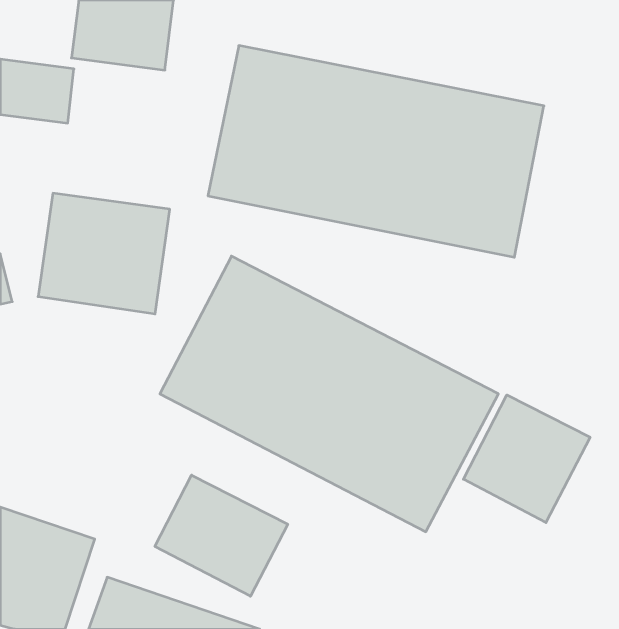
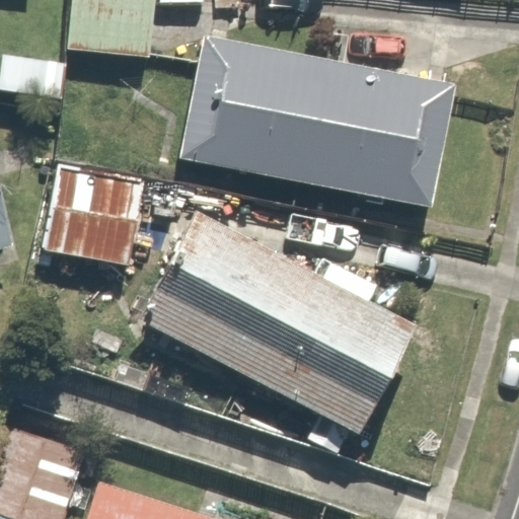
building: [463,395,590,523] -> none
building: [155,475,288,596] -> none

